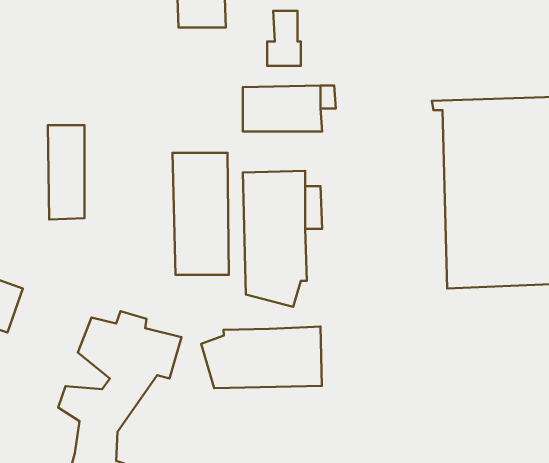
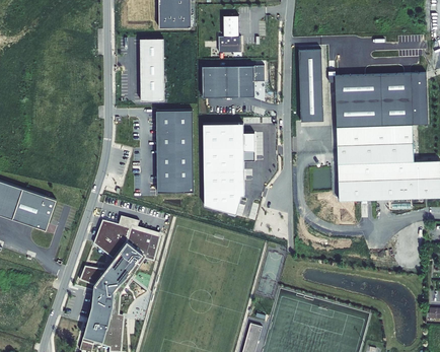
building: none -> [298,49,322,121]
building: [48,125,84,220] -> [139,38,163,100]
building: [201,326,322,388] -> none

